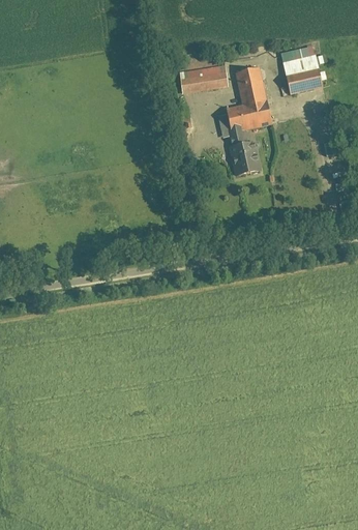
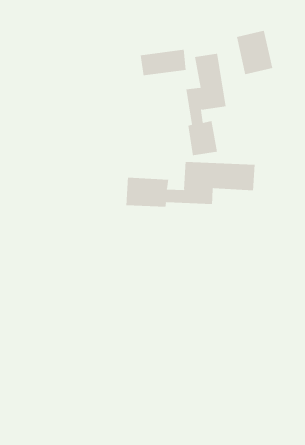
building: none -> [126,161,255,207]

